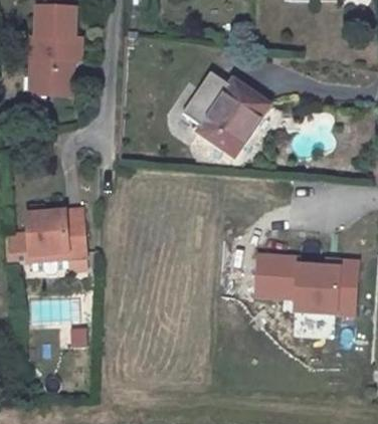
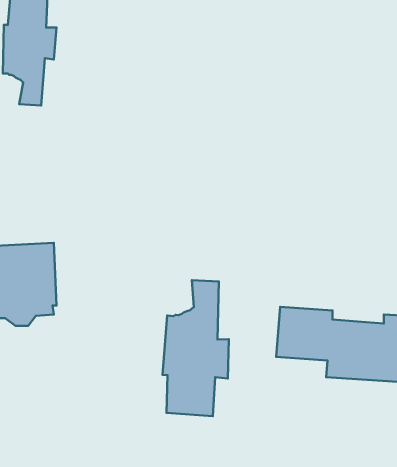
building: [183,72,269,156] -> none
building: none -> [163,280,229,416]

